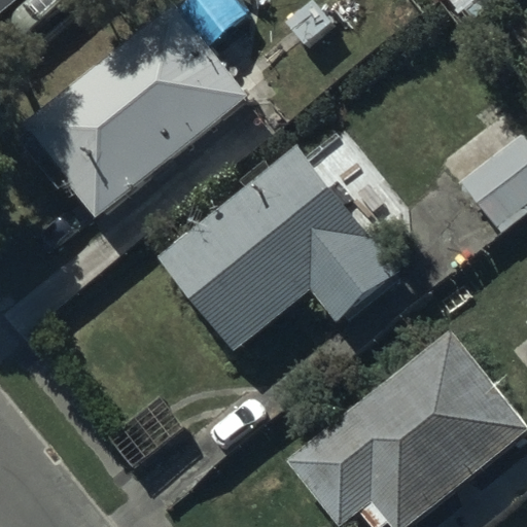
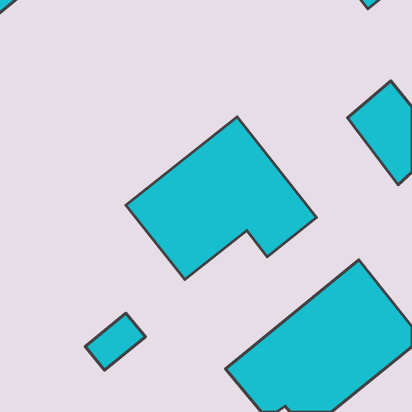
building: [28,19,247,218] -> none

